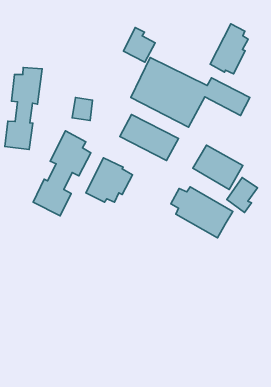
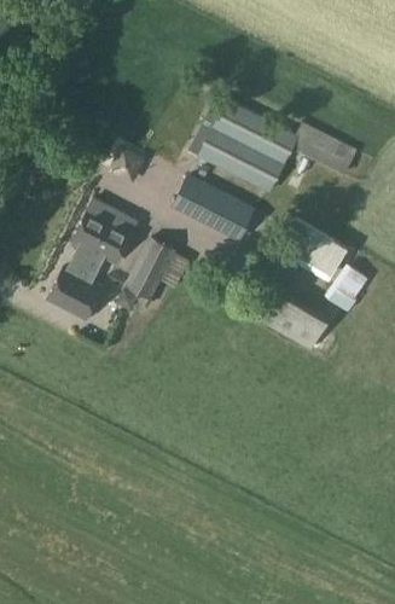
building: [210,24,248,74] -> none
building: [123,28,155,62] -> none
building: [5,68,42,150] -> none

